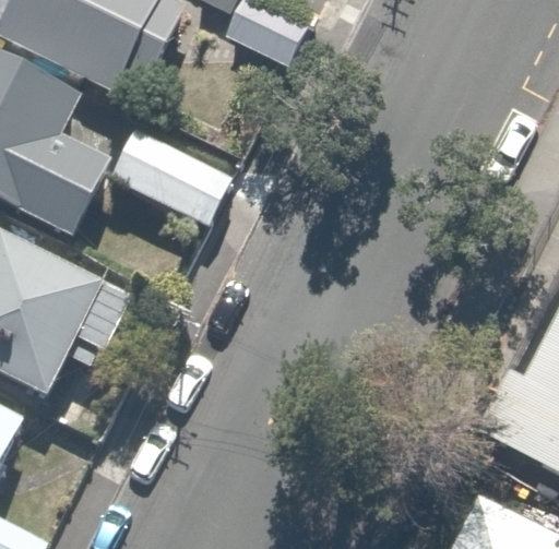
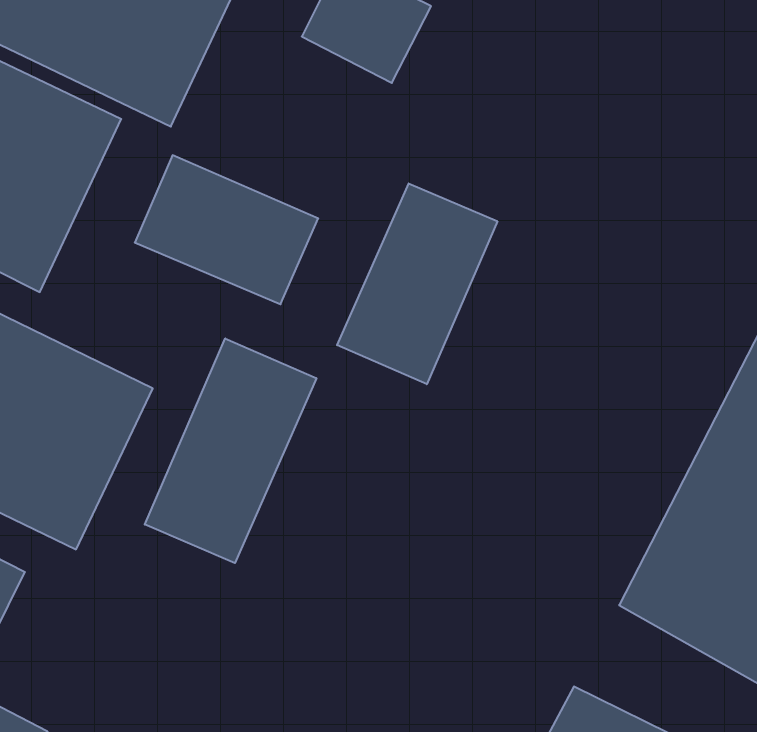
building: none -> [337,183,497,384]
building: none -> [145,338,316,563]

